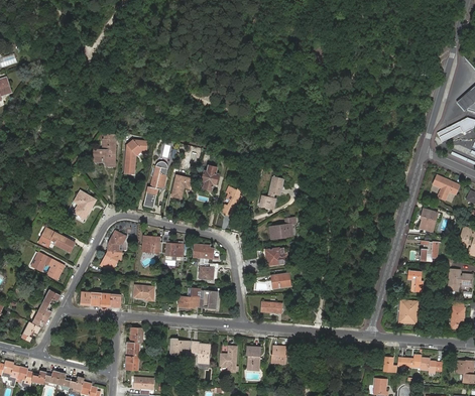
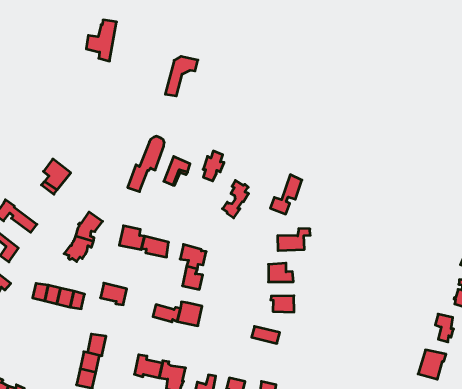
building: [94,136,115,168] -> [86,20,117,61]
building: [124,141,146,173] -> [165,56,198,96]

